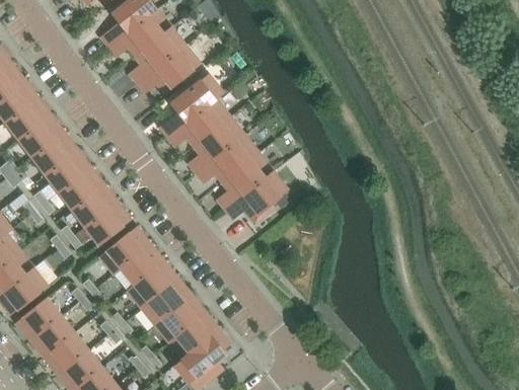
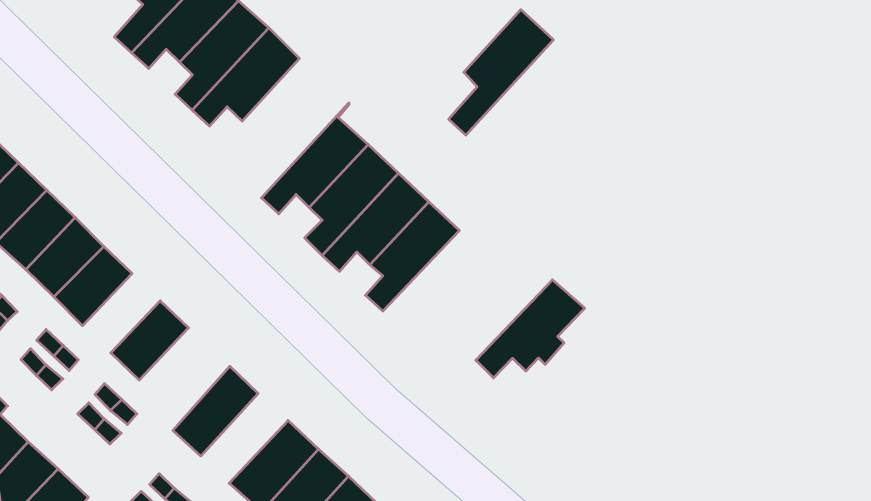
building: [160,74,224,138] -> [449,10,553,135]
building: [60,168,104,210] -> none
building: [225,172,289,221] -> [476,280,585,378]
building: [86,203,132,245] -> none
building: [114,244,164,291] -> none

